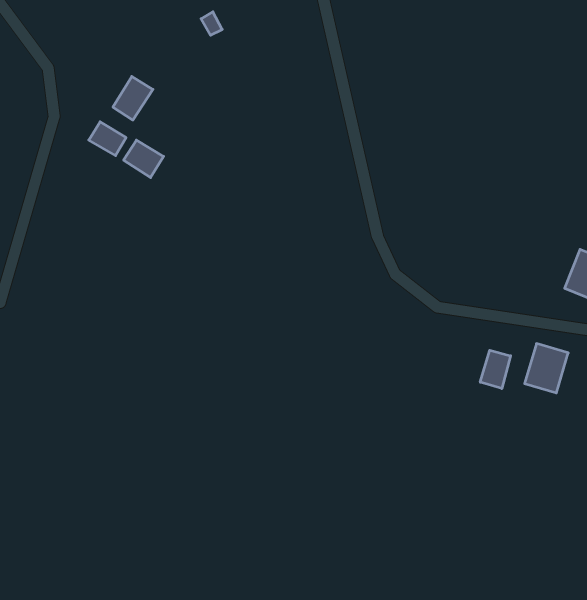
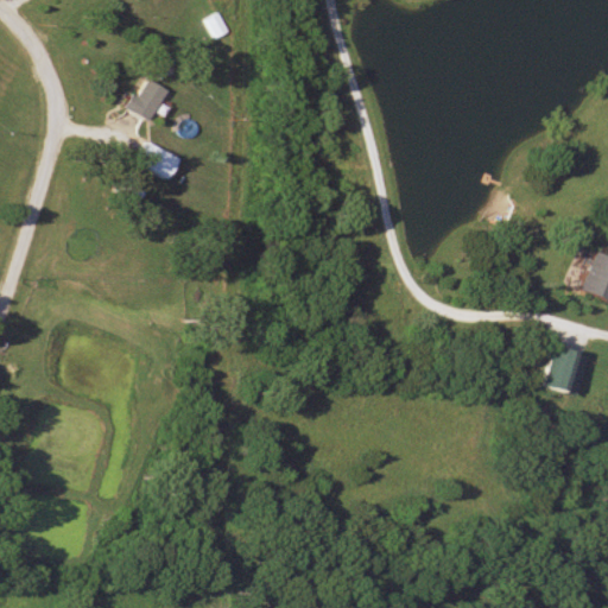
building: [89,122,126,156] -> none
building: [480,350,511,389] -> none

